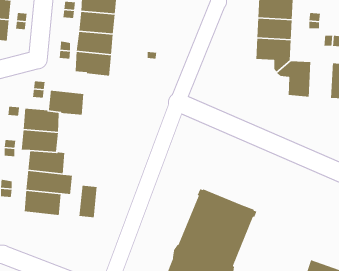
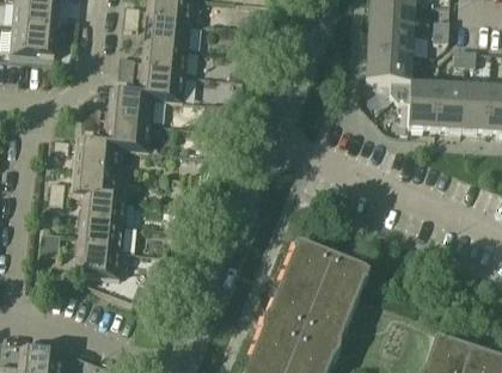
building: none -> [434,81,463,128]
building: none -> [106,90,152,122]
building: [79,185,98,218] -> none

